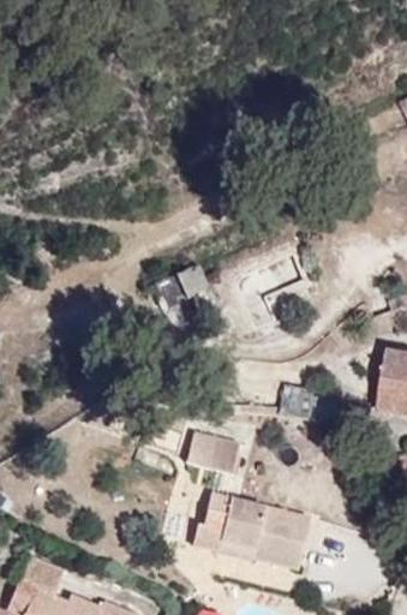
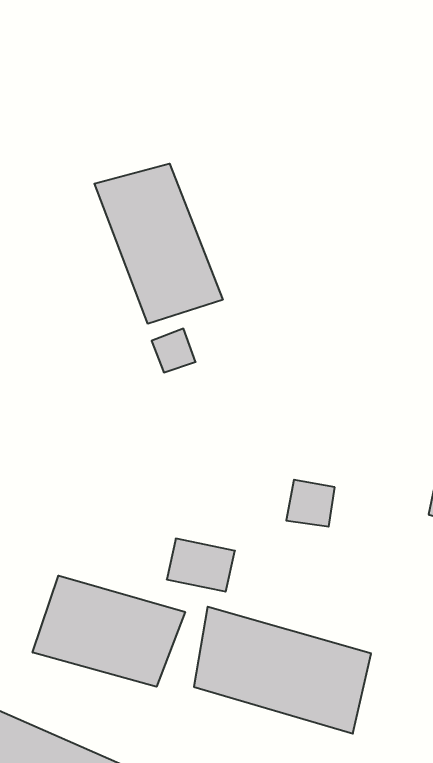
building: none -> [94,164,223,324]
building: none -> [33,576,185,687]

